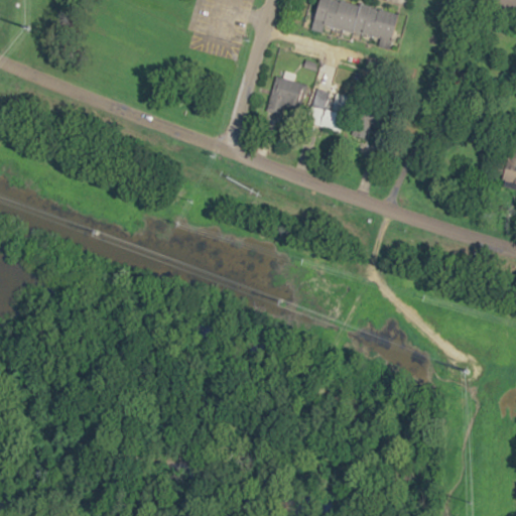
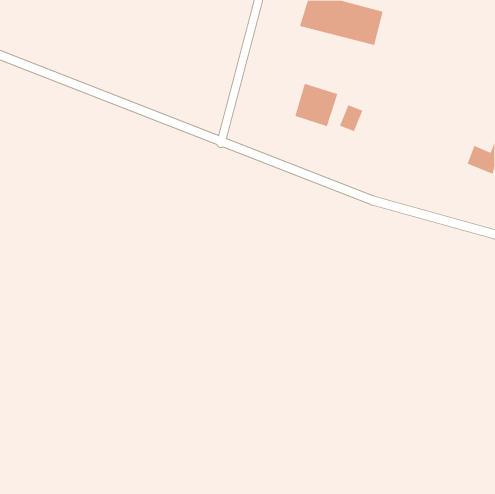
building: [270,79,304,116] -> none

